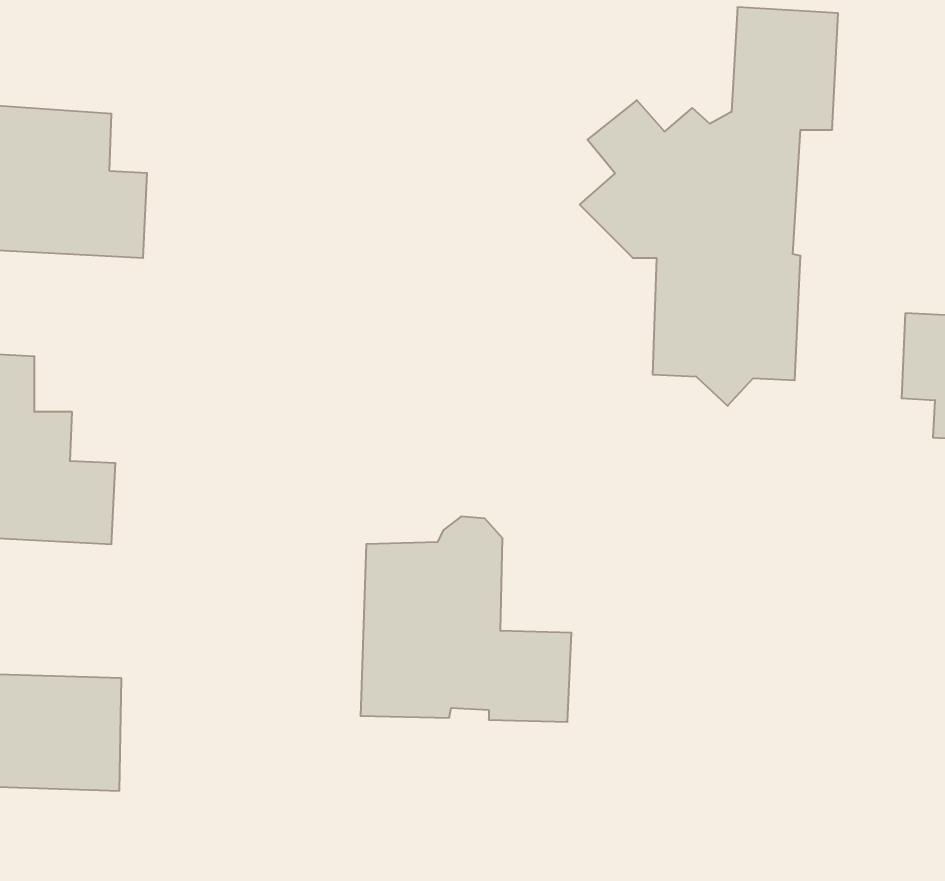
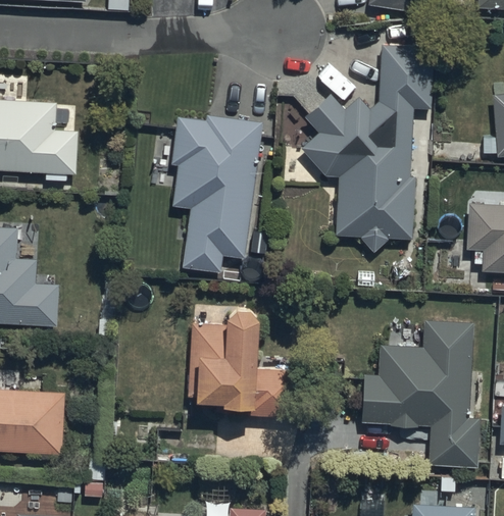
building: none -> [173,115,260,273]
building: none -> [361,319,480,464]

